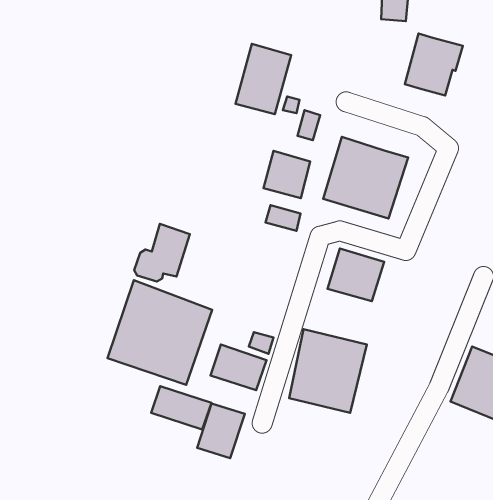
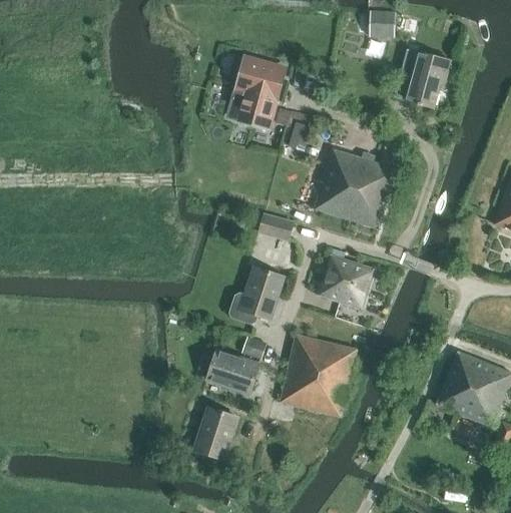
building: [264,151,310,198] -> none
building: [134,224,190,282] -> [229,267,284,323]
building: [107,280,212,385] -> none
building: [151,386,211,429] -> none

